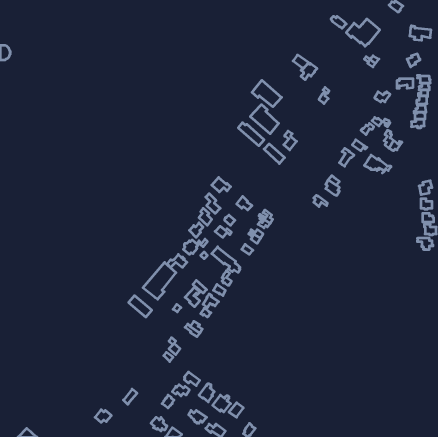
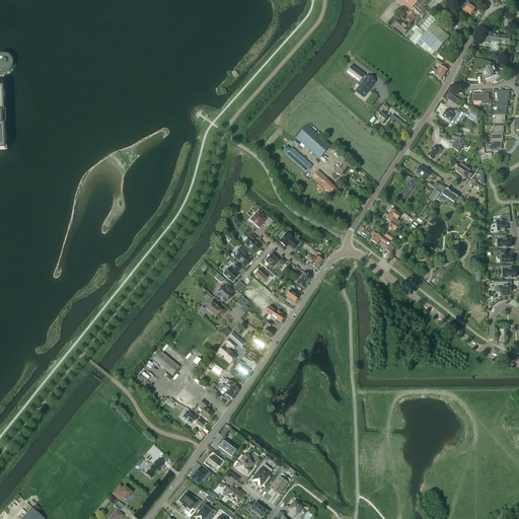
building: [252,80,282,107] -> none
building: [143,262,176,299] -> none

